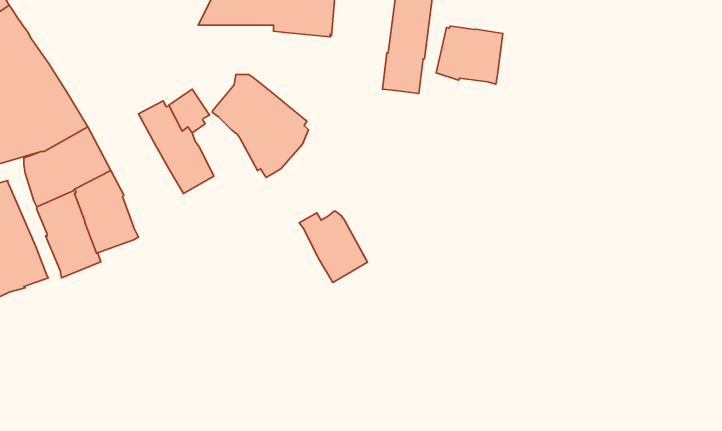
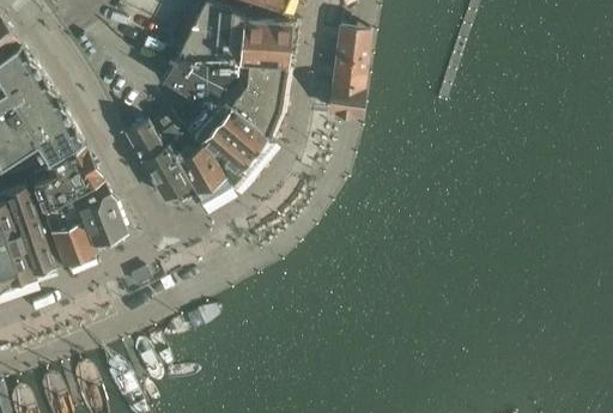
building: none -> [160,56,284,135]
building: [436,26,503,84] -> none
building: [299,211,368,282] -> [172,142,229,201]

